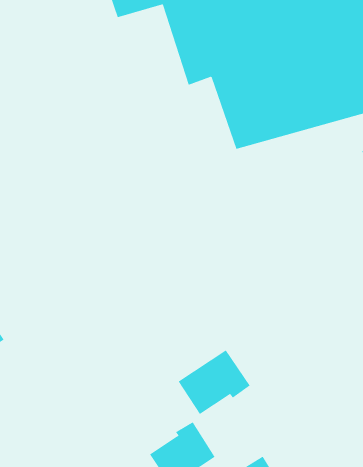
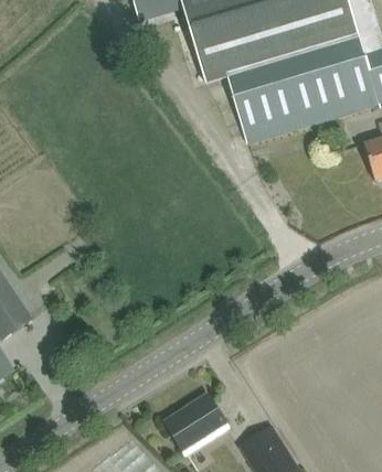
building: [178,350,251,415] -> none

